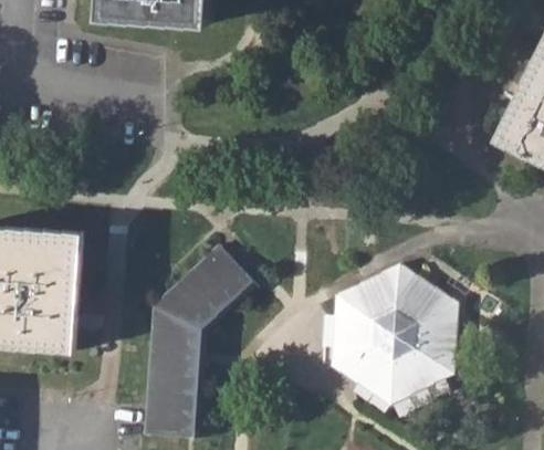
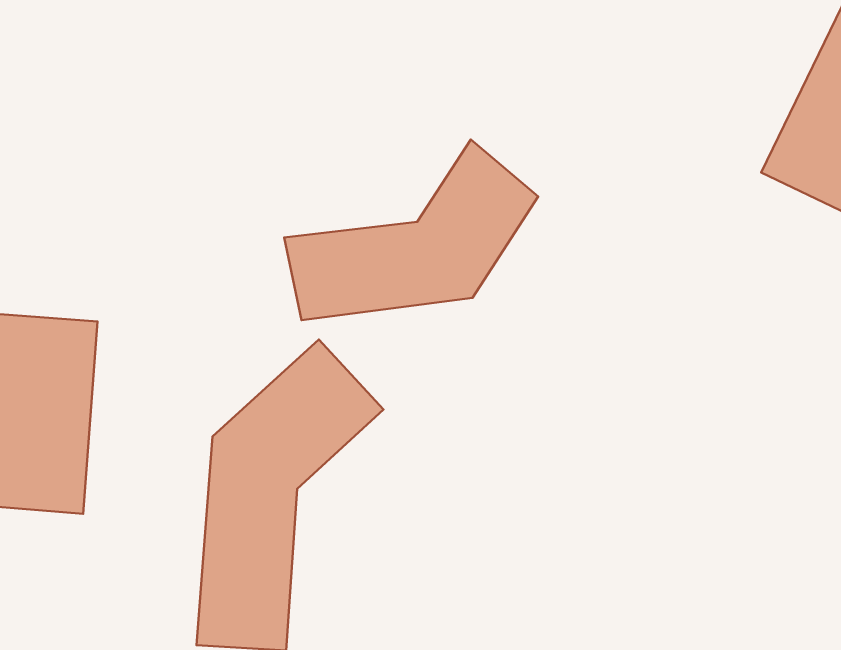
building: none -> [284,139,538,320]
building: [332,264,454,405] -> none

